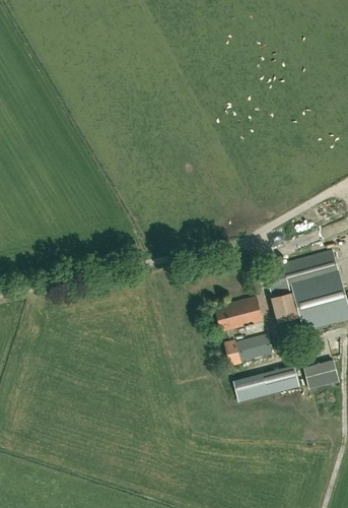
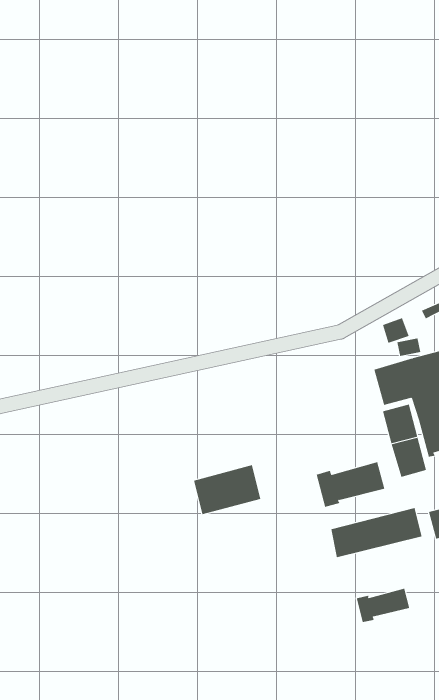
building: [215,296,263,331] -> [193,465,261,515]
building: none -> [356,588,410,623]

